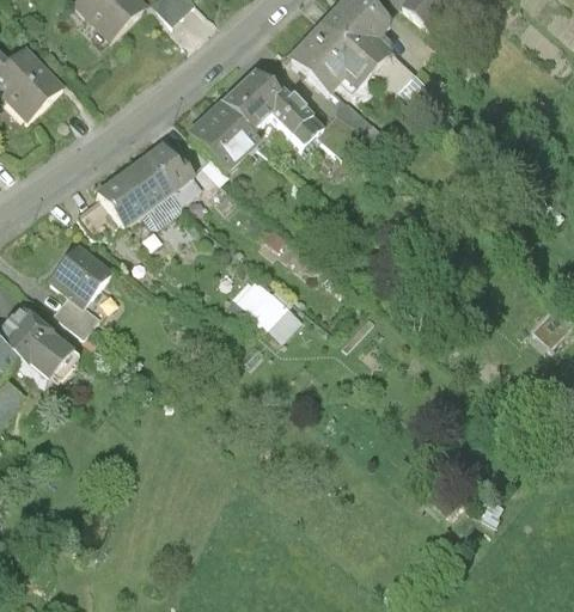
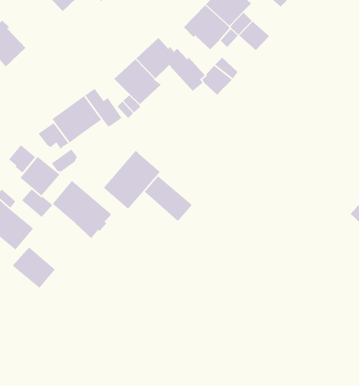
building: [141,190,181,225] -> [51,149,78,172]
building: none -> [8,144,36,174]
building: none -> [103,150,161,210]
building: none -> [52,180,112,239]
building: none -> [12,246,56,289]

